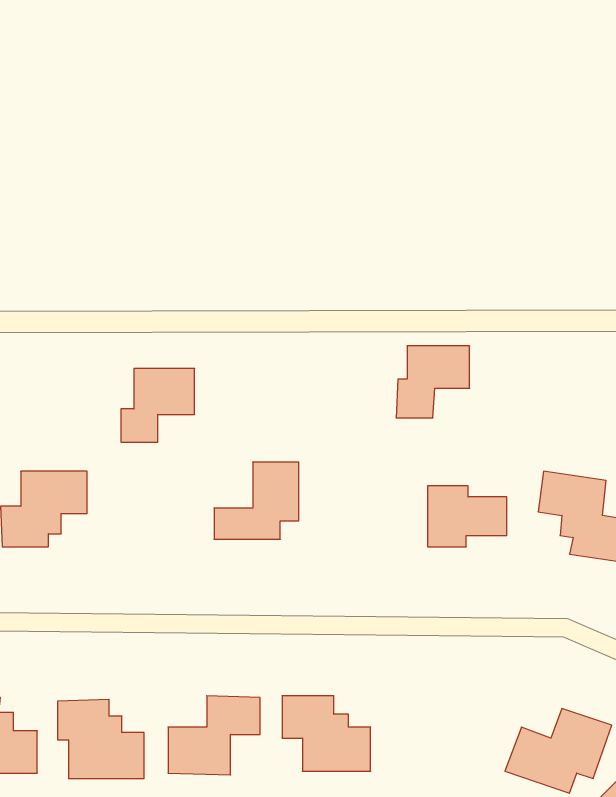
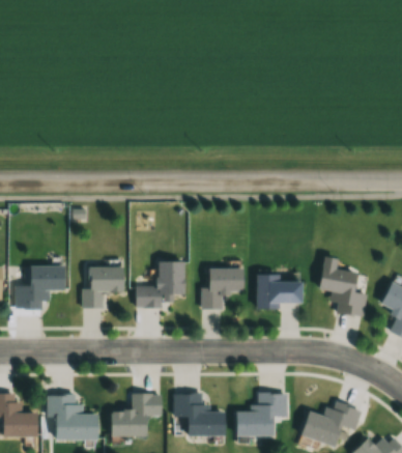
building: [396,346,470,418] -> [201,268,242,309]
building: [121,368,195,442] -> [82,266,123,308]
building: none -> [235,393,288,435]

